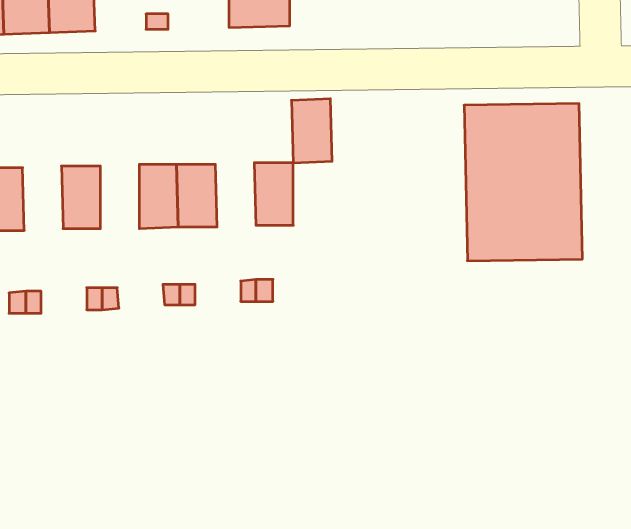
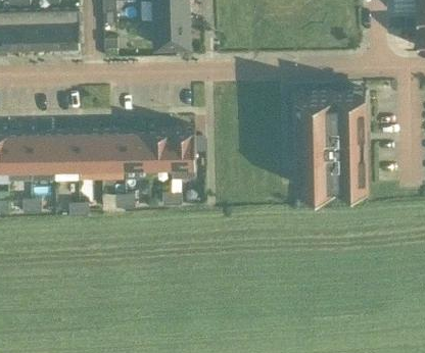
building: [291,99,332,163] -> [145,132,170,170]
building: none -> [76,133,99,171]
building: none -> [29,134,53,172]

